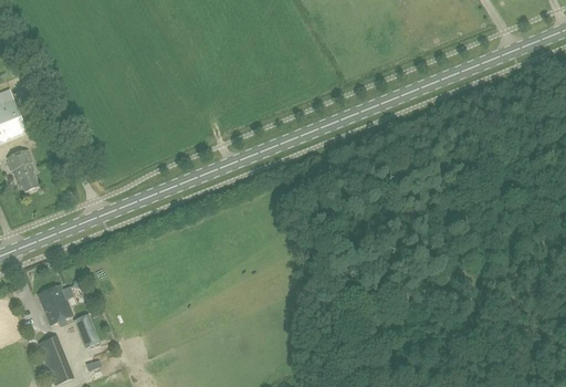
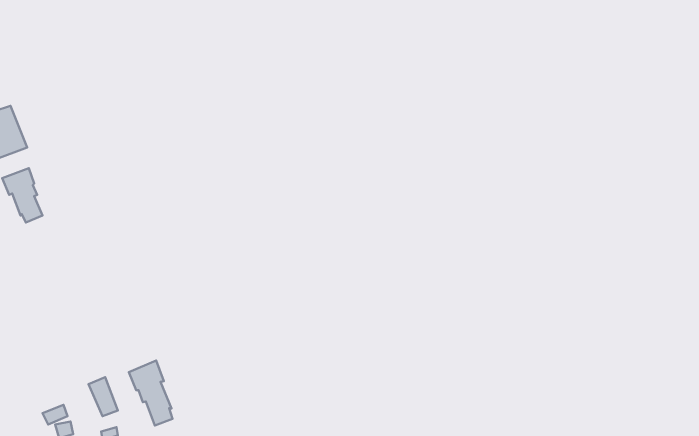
building: [38,283,72,322] -> none
building: none -> [129,361,173,425]

